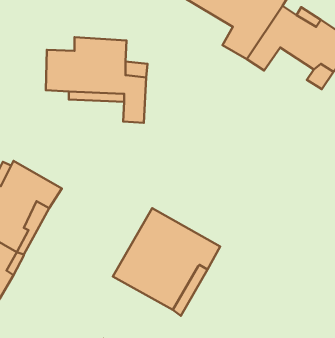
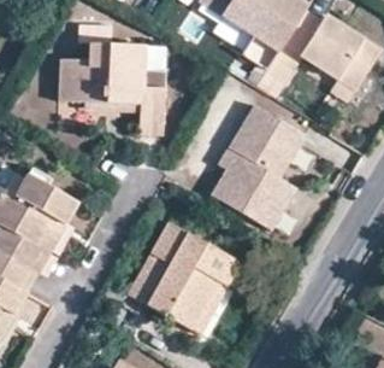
building: none -> [217,107,311,234]

